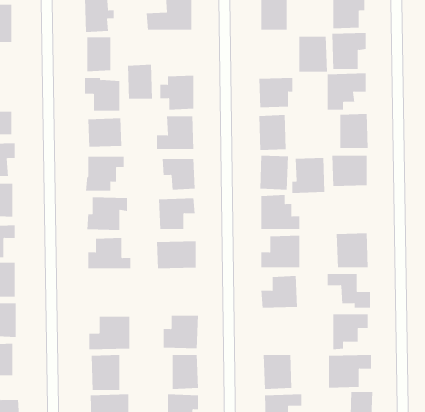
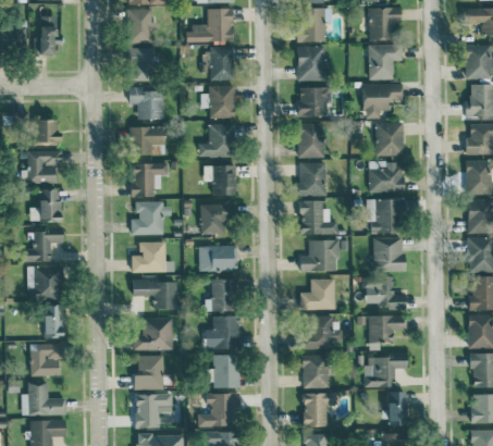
building: [299,36,328,72] -> [297,46,325,80]
building: [127,64,153,99] -> [209,46,234,79]
building: [291,157,325,193] -> [371,199,404,234]
building: none -> [205,278,237,311]
building: none -> [132,281,177,309]
building: none -> [306,315,338,349]

